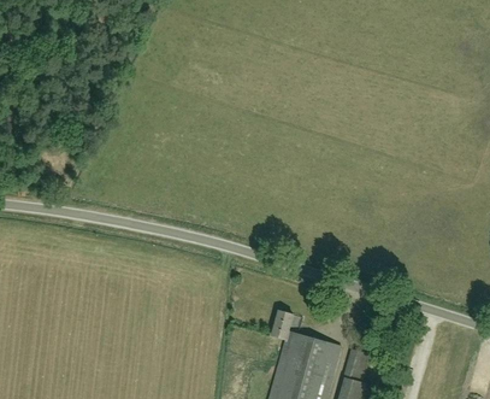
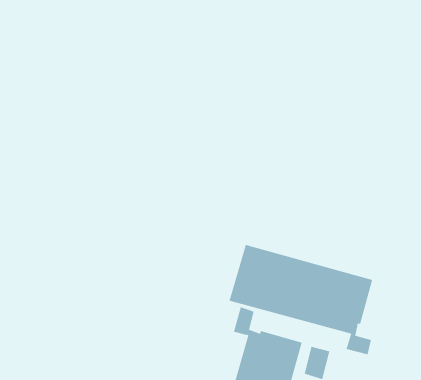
building: none -> [229,244,373,355]

